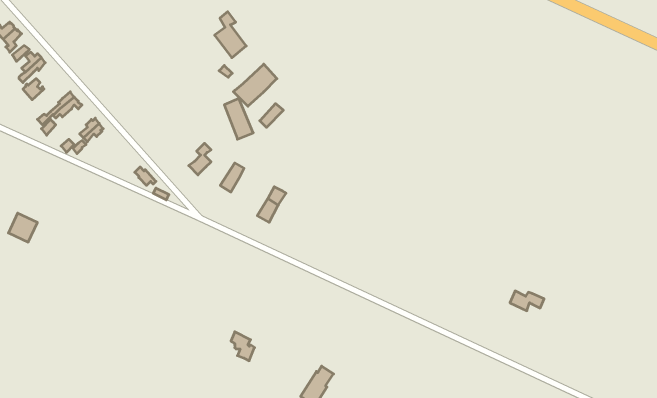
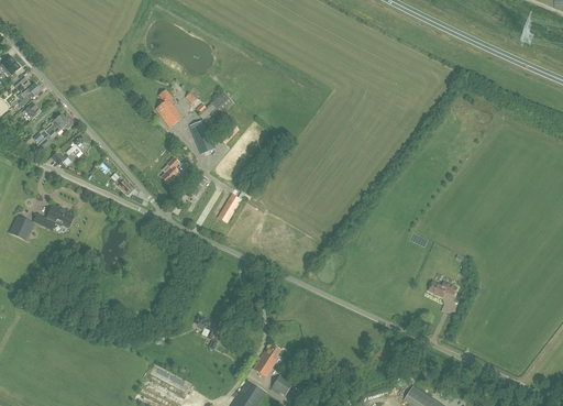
building: [215,12,246,58] -> [155,88,181,127]
building: none -> [34,204,74,227]

